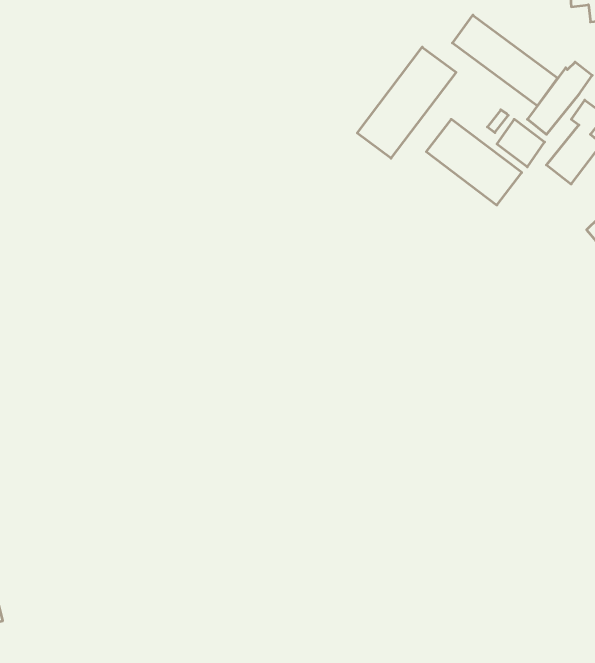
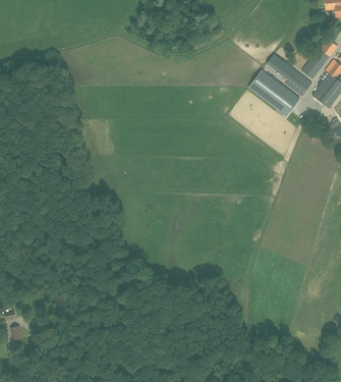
building: [452,15,558,106] -> none
building: [357,47,456,158] -> none

